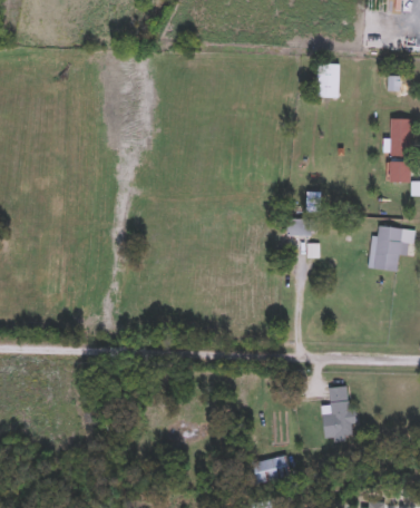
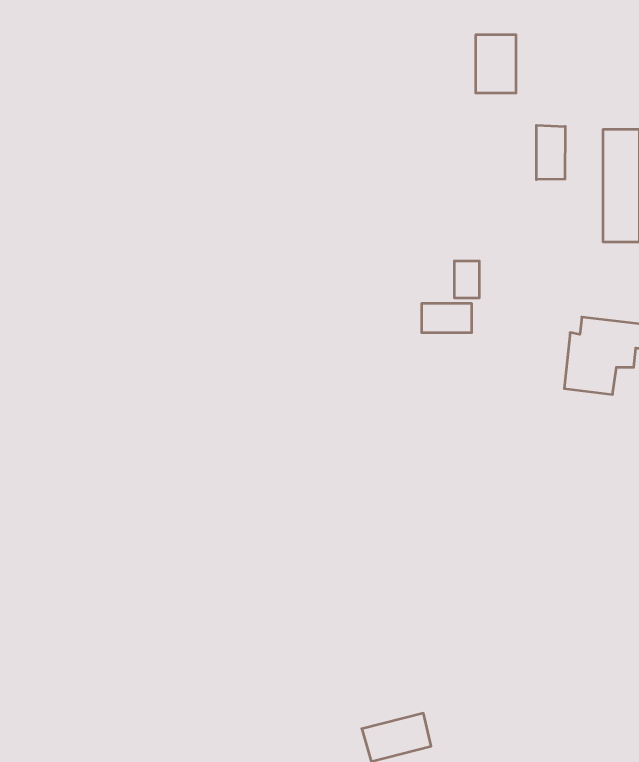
building: none -> [536,125,565,180]
building: [320,385,354,439] -> none

